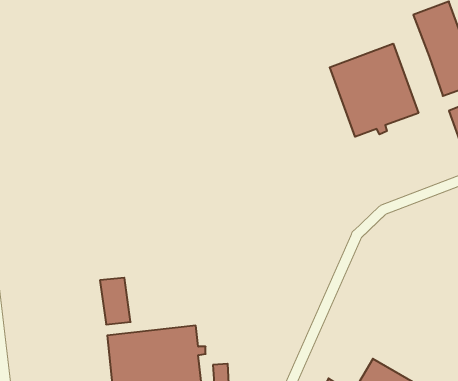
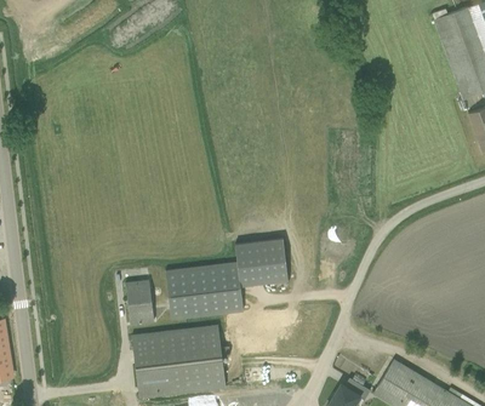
building: [330,44,418,137] -> none
building: none -> [164,239,287,320]

